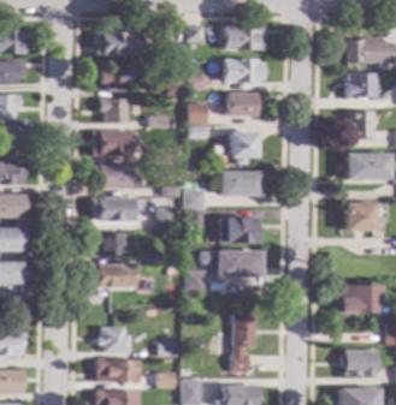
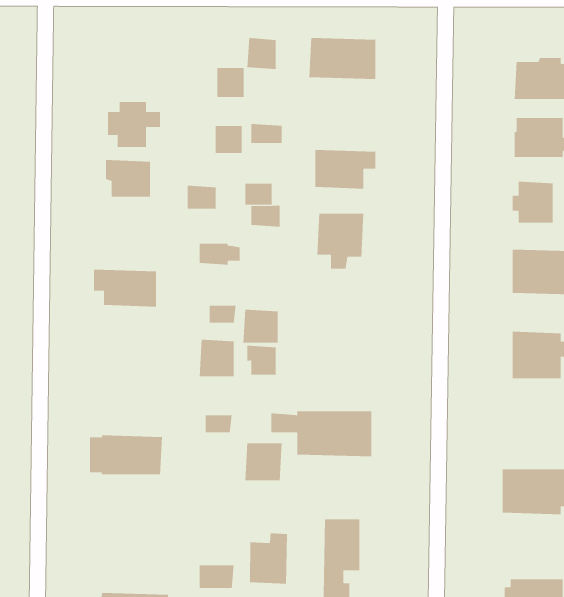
building: [96,31,146,55] -> none
building: [224,59,265,83] -> none
building: [93,131,132,156] -> none
building: [220,171,264,197] -> none
building: [93,198,136,221] -> none
building: [220,218,262,243] -> none
building: [95,232,125,256] -> none
building: none -> [249,532,288,585]
building: [99,327,130,352] -> none

